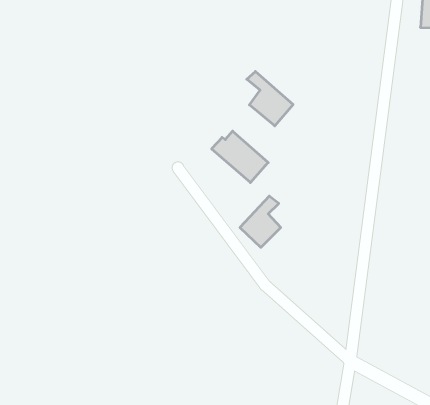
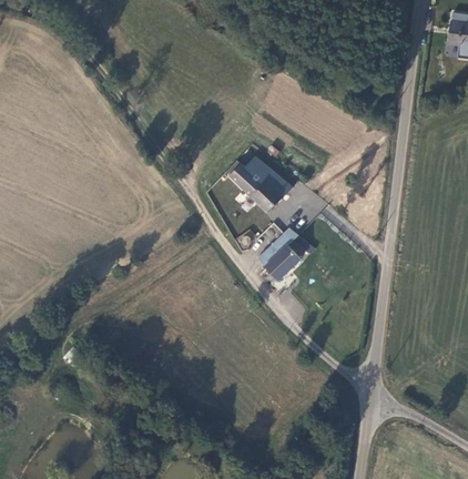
building: [247,71,293,126] -> none

